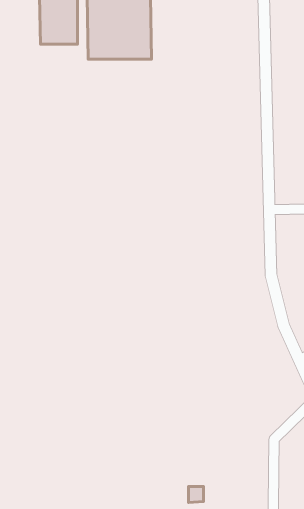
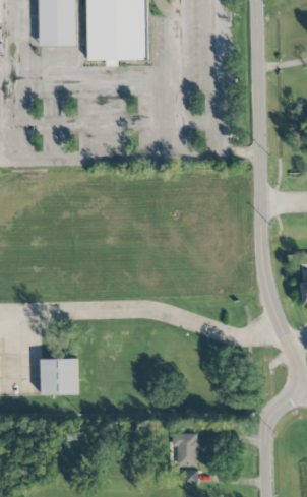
building: none -> [42,359,78,394]
building: none -> [171,433,196,465]

